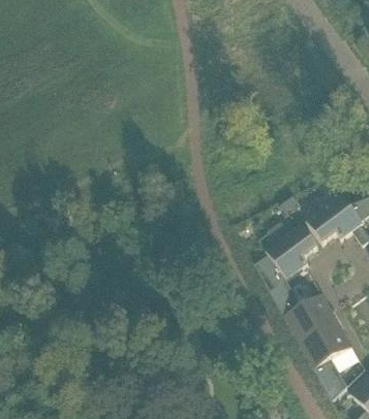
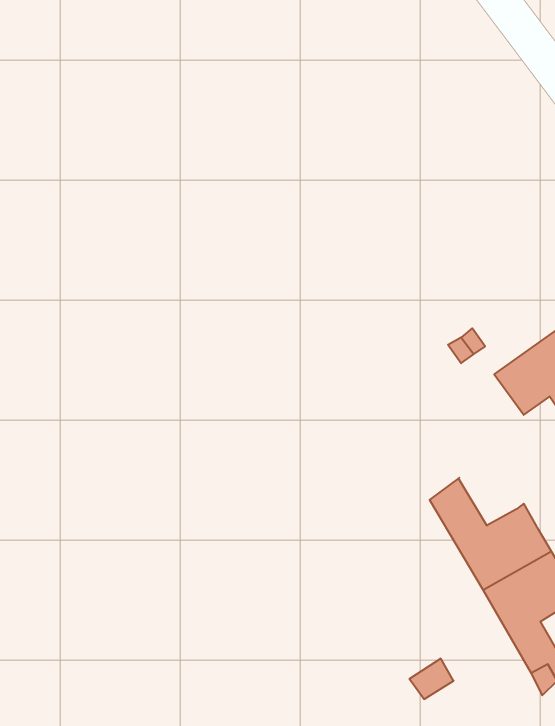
building: [254,224,317,290] -> none

